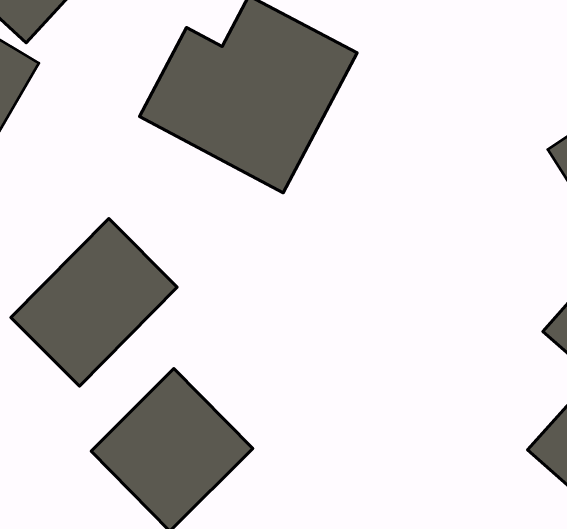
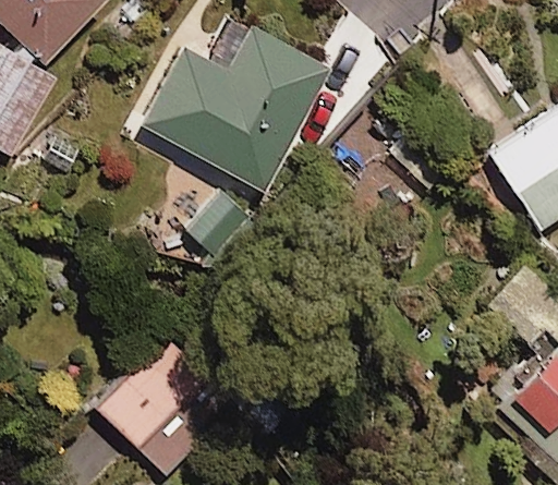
building: [11,219,177,386] -> none

